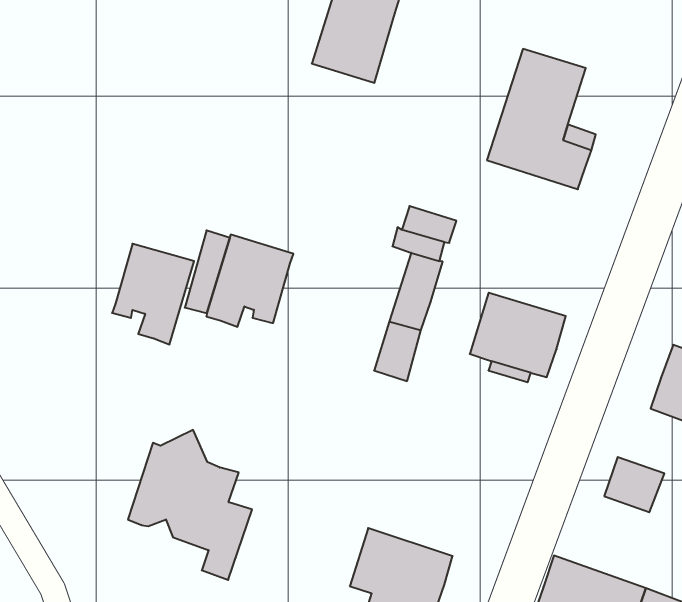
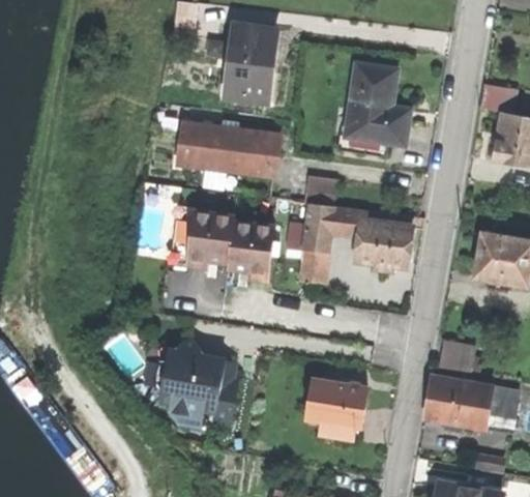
building: none -> [182,121,279,176]
building: [112,244,194,344] -> [229,222,274,281]
building: none -> [326,204,362,235]
building: [604,457,664,512] -> [439,339,474,370]
building: none -> [169,396,214,428]

